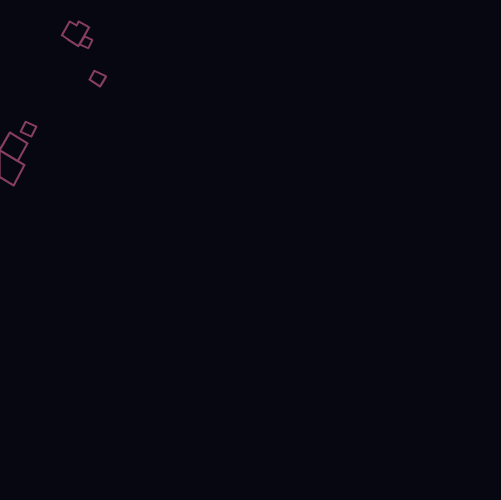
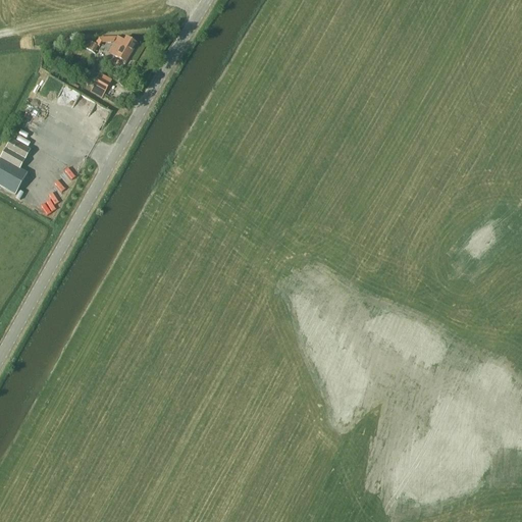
building: [62,22,89,46] -> [108,36,137,61]

